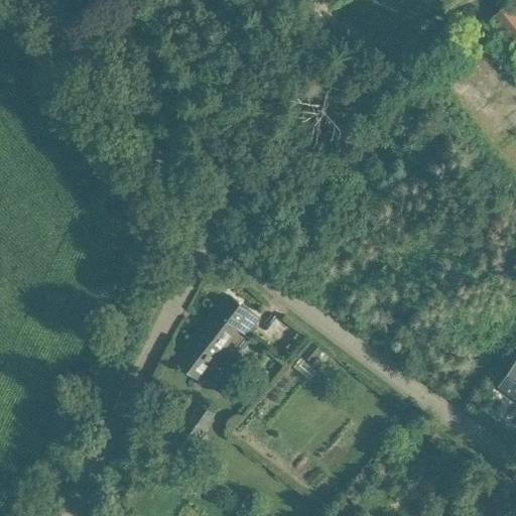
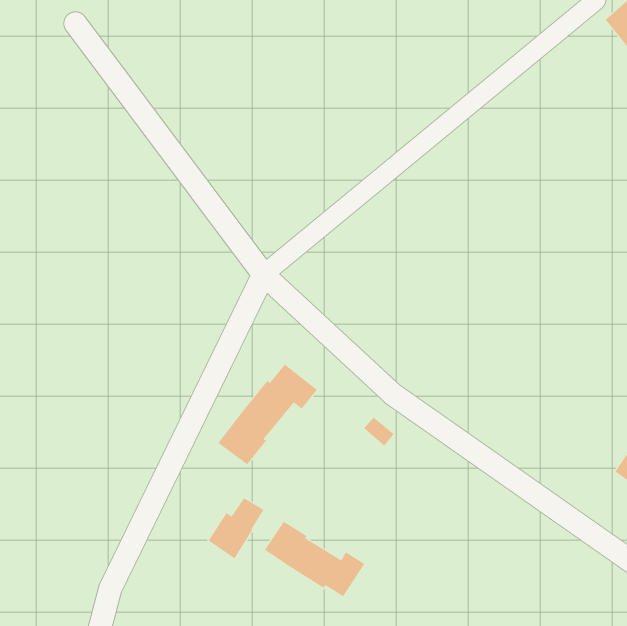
building: none -> [264,521,365,597]

